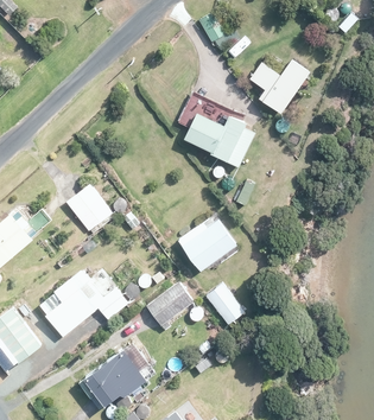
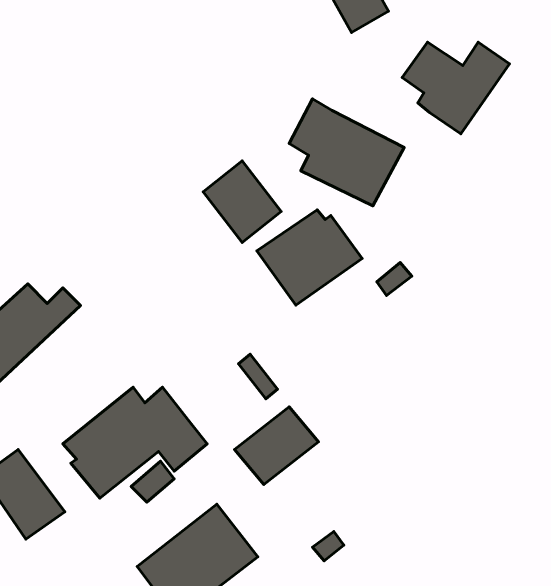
building: [65,183,113,233] -> [203,161,281,243]
building: [176,215,240,273] -> [257,210,362,305]
building: [204,282,245,325] -> none

